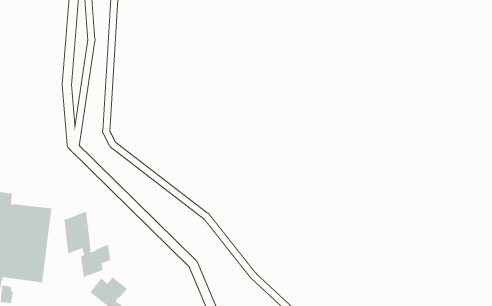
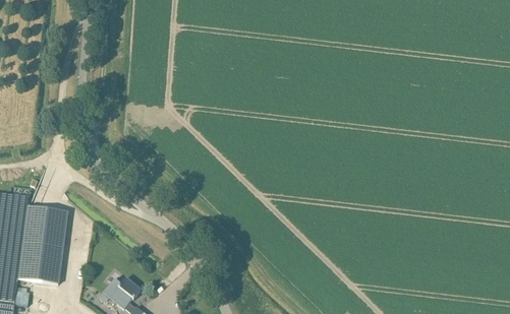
building: [64,211,111,278] -> none

